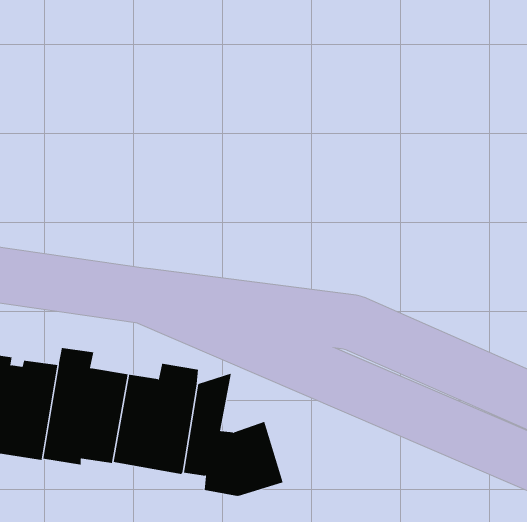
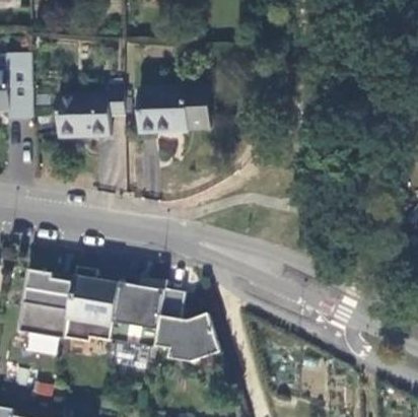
building: none -> [57,87,122,139]
building: none -> [138,88,210,135]

